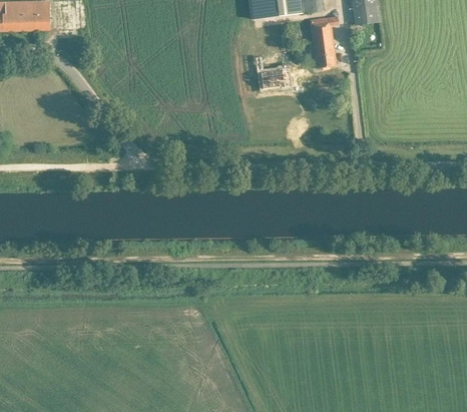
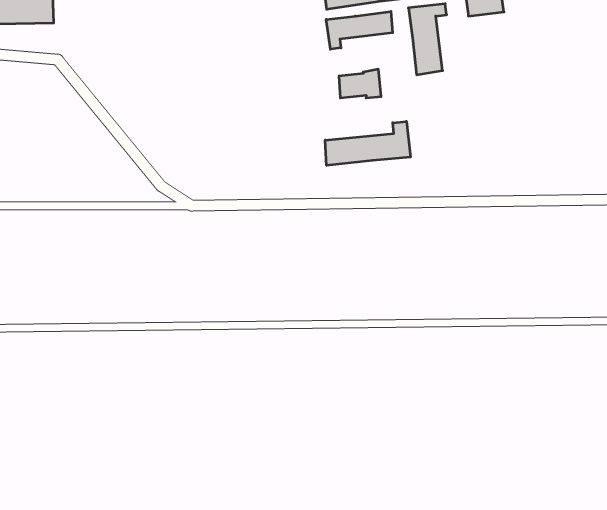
building: none -> [326,11,393,49]
building: none -> [325,121,410,165]

